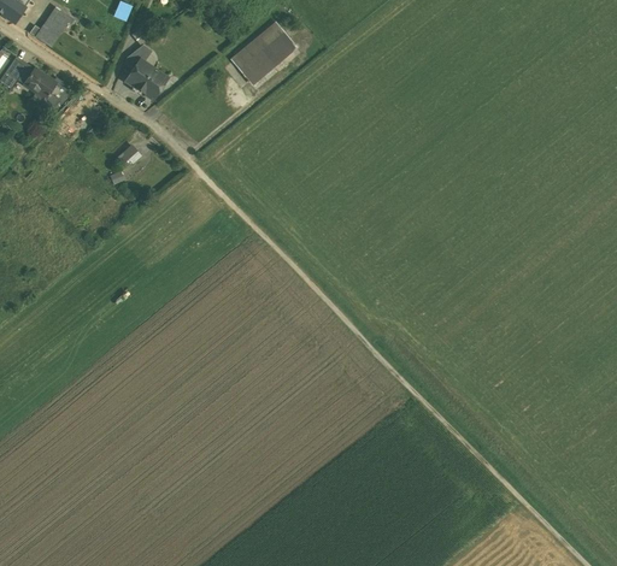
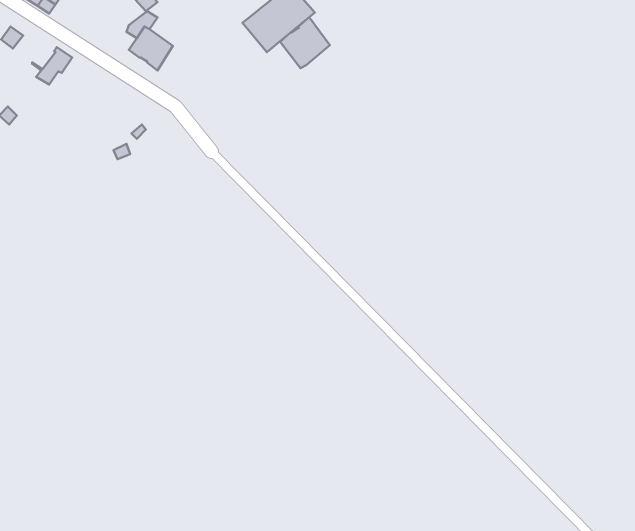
building: none -> [280,17,330,68]
building: [23,67,57,99] -> none

